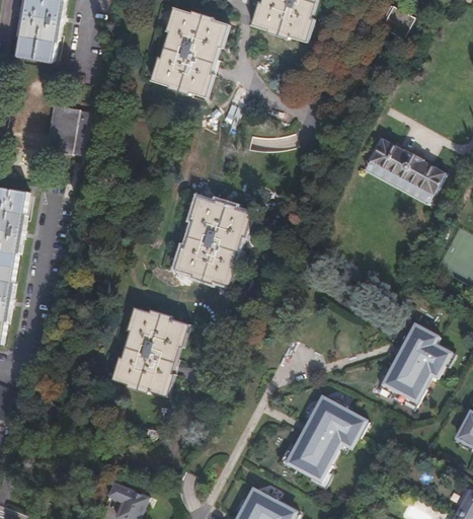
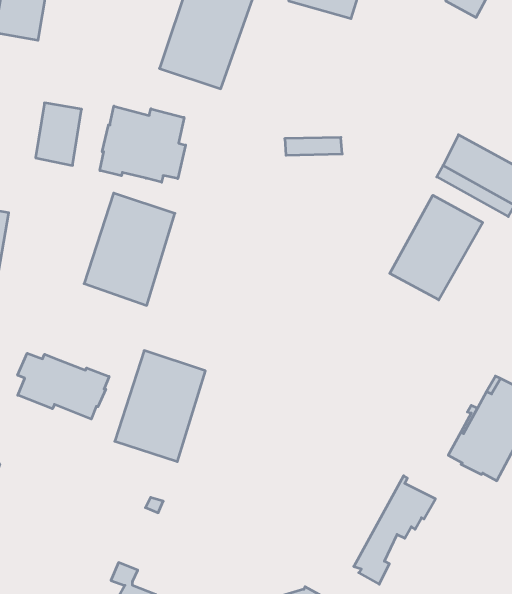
building: none -> [100,106,186,182]
building: none -> [390,195,483,300]
building: [177,195,249,284] -> [84,193,175,305]
building: none -> [18,353,109,419]
building: [277,400,342,476] -> none

